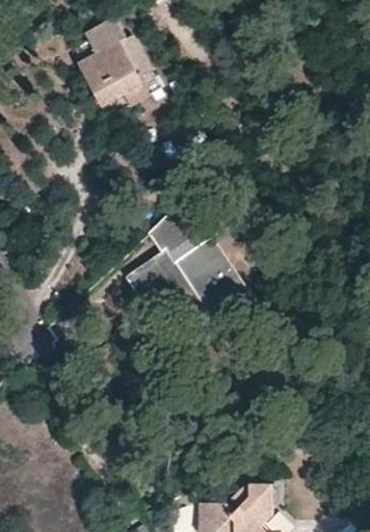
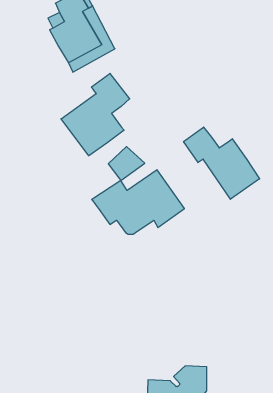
building: none -> [61,73,130,156]
building: none -> [184,127,260,199]

